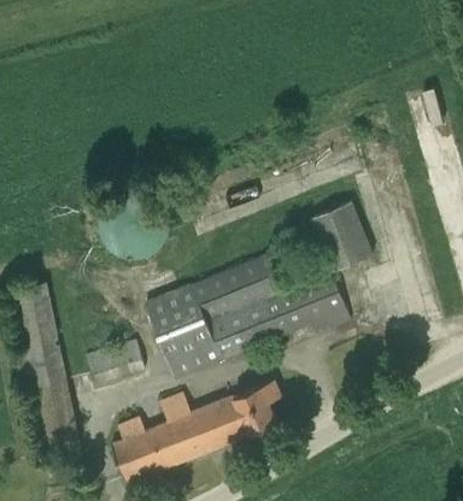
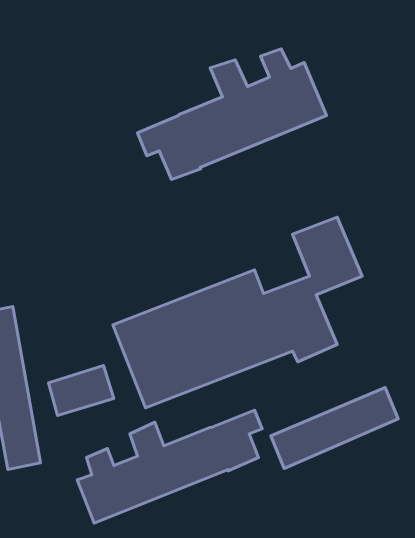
building: none -> [138,49,326,180]
building: none -> [271,387,398,468]

